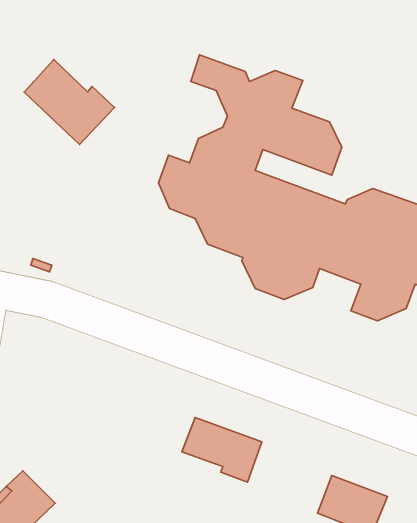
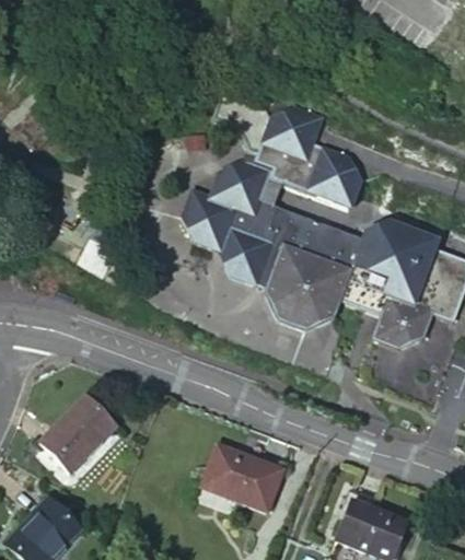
building: [24,59,115,144] -> none
building: none -> [42,396,117,471]

